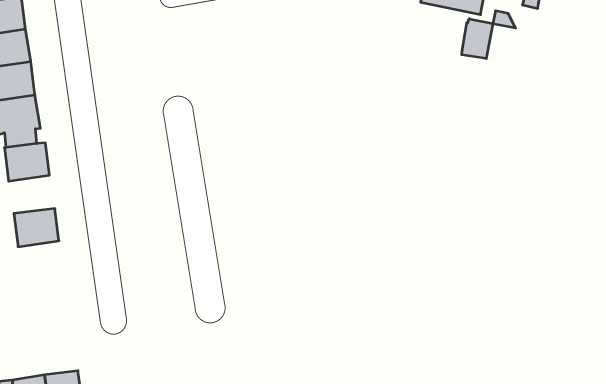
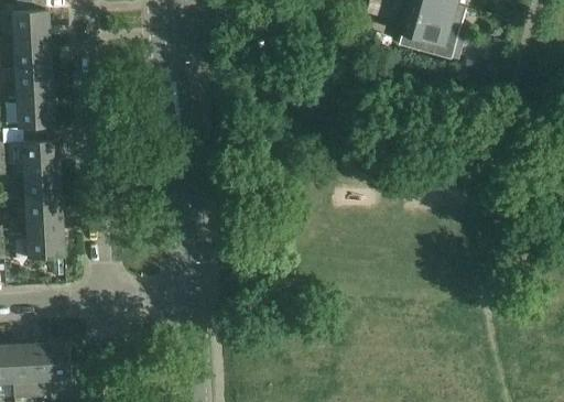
building: [462,19,493,59] -> none
building: none -> [23,169,62,199]
building: none -> [26,227,65,258]

